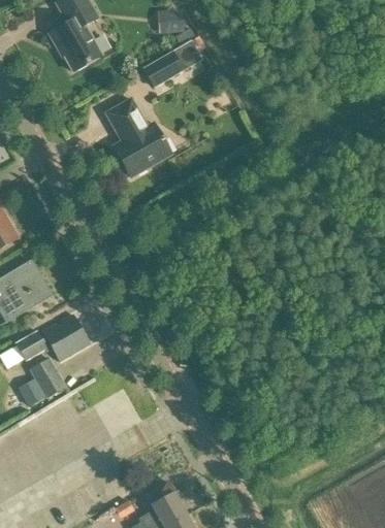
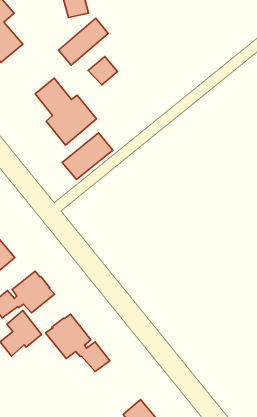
building: none -> [88,57,118,85]
building: none -> [62,133,113,180]
building: none -> [46,314,110,372]

